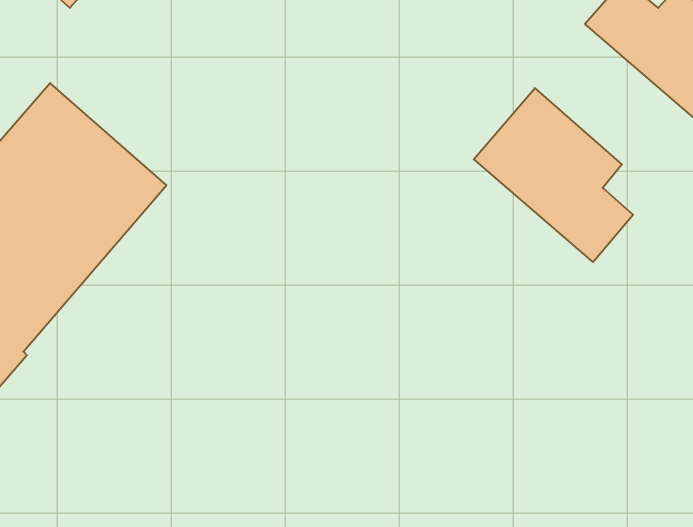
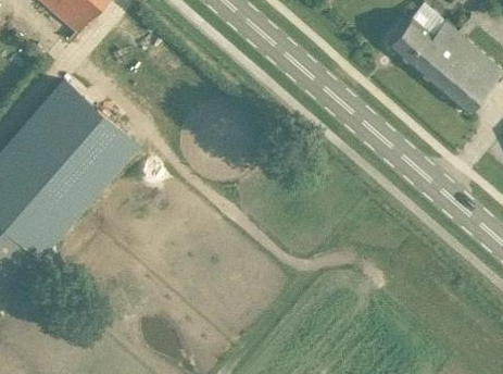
building: [474,88,633,262] -> none

